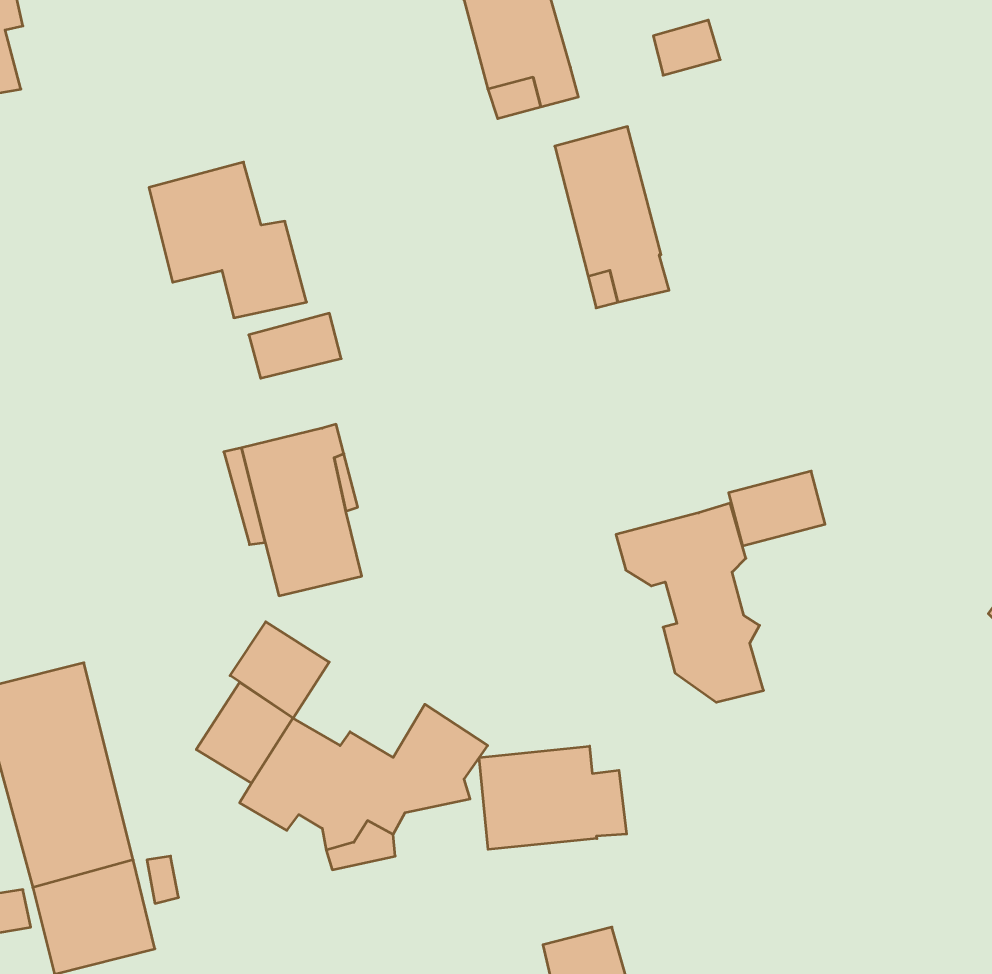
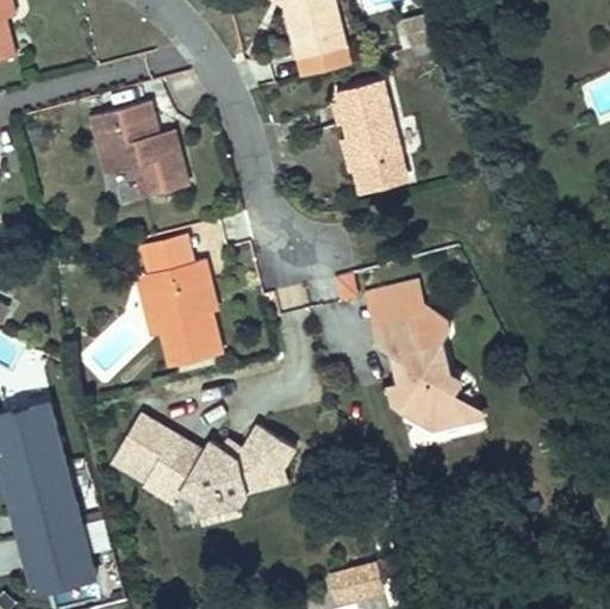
building: [249,313,341,378] -> [139,234,195,273]
building: [729,471,825,546] -> [365,280,423,325]
building: [230,622,329,718] -> none
building: [479,746,627,849] -> none

